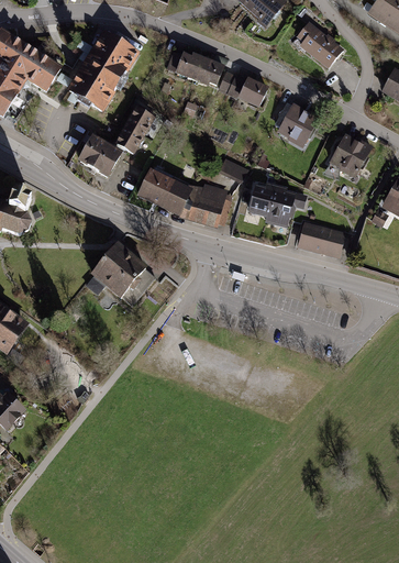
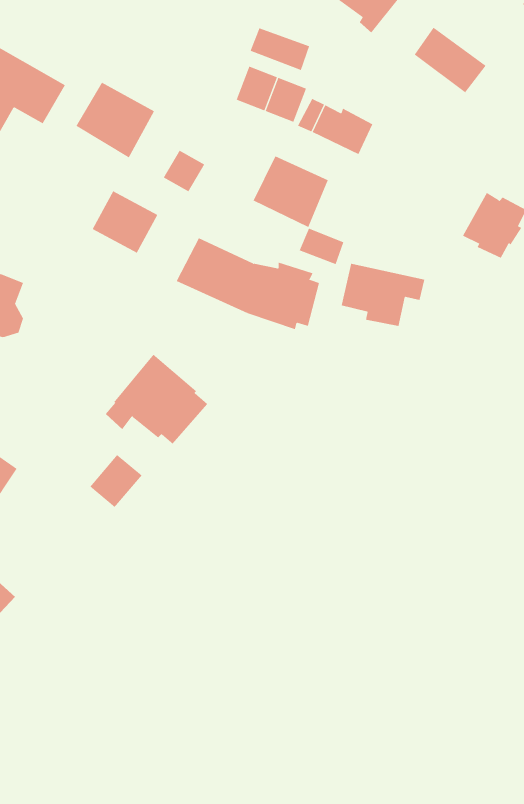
building: none -> [250,27,310,71]
building: [84,30,136,79] -> none
building: [274,102,321,150] -> none
building: none -> [253,155,328,228]
building: [114,124,143,153] -> none
building: [297,221,346,260] -> none
building: none -> [89,454,142,508]

